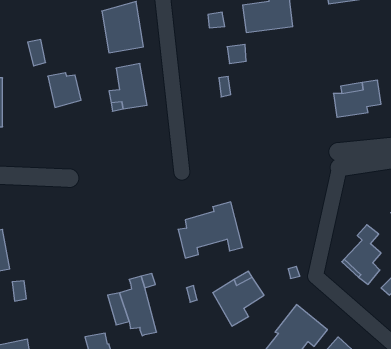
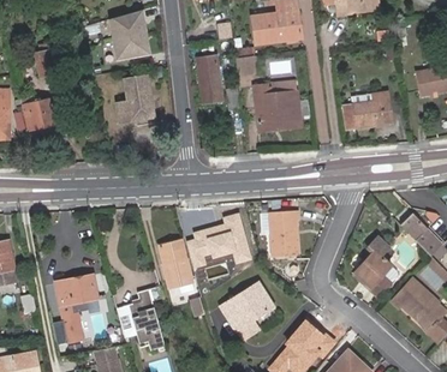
building: none -> [197,55,222,102]
building: none -> [254,80,302,130]
building: [48,73,81,107] -> [20,95,54,130]
building: none -> [270,211,299,257]
building: none -> [160,240,191,286]
building: none -> [54,274,96,341]

